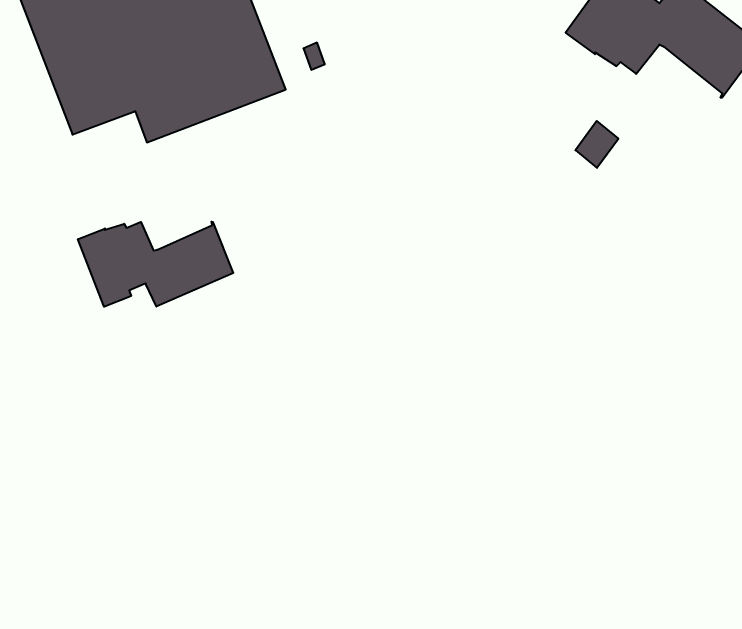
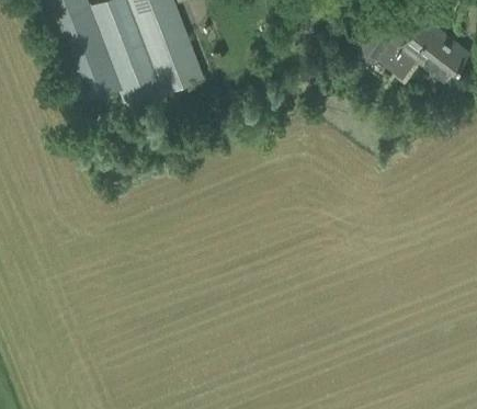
building: [78,222,233,307] -> none

